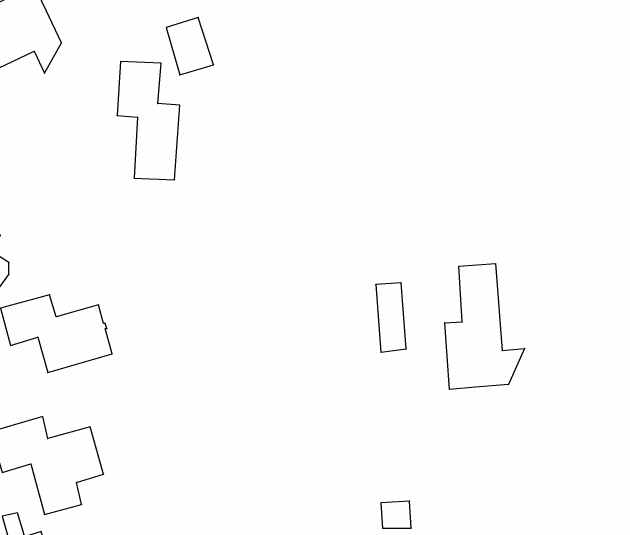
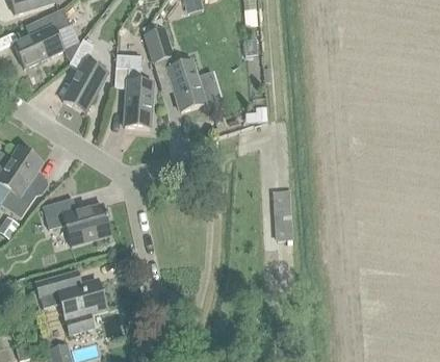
building: none -> [63,37,107,112]
building: none -> [167,59,219,110]
building: [445,264,525,389] -> none

